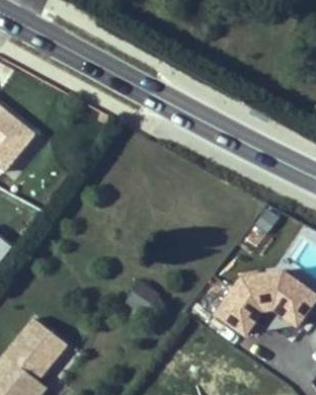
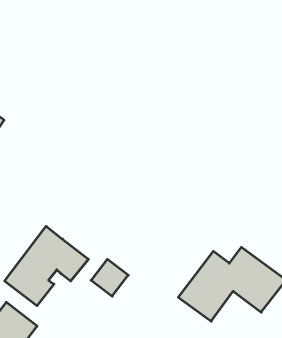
building: none -> [5,226,88,306]

